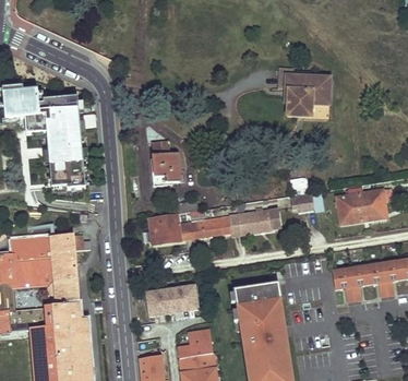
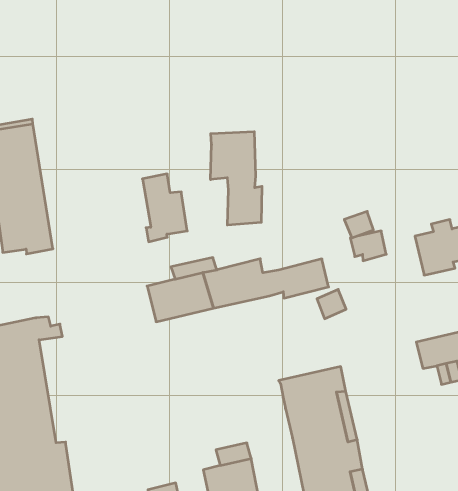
building: [280,74,329,118] -> none
building: none -> [211,132,262,225]
building: [144,287,199,319] -> none

